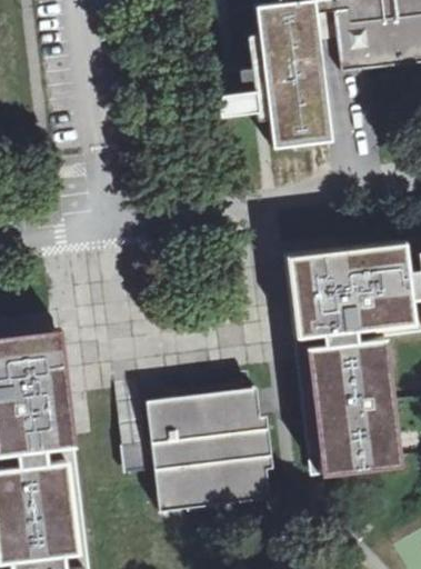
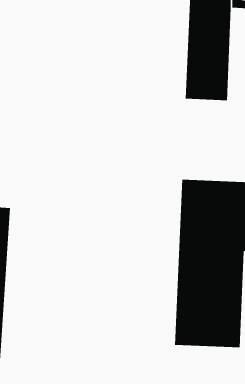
building: [144,387,268,512] -> none

